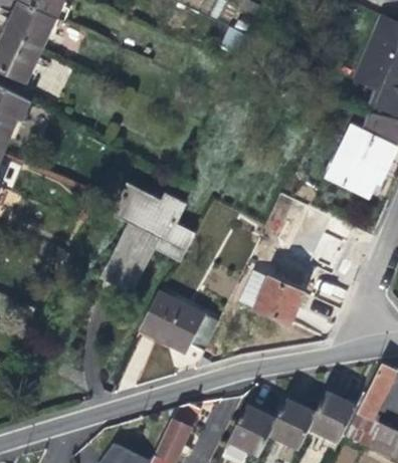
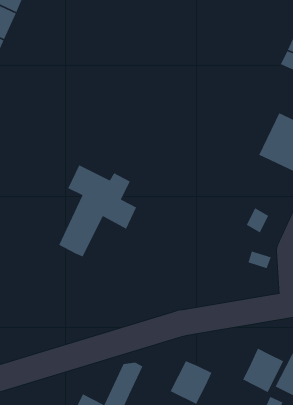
building: [238,270,305,325] -> none
building: [141,292,218,355] -> none
building: [269,398,317,449] -> none

